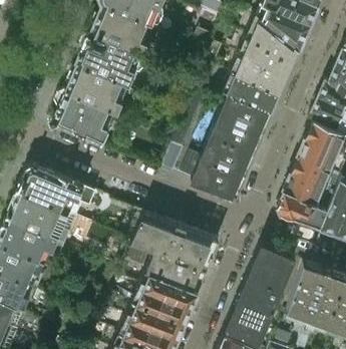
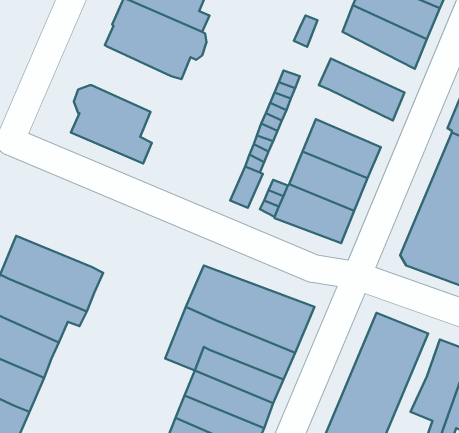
building: [229,56,286,97] -> none
building: [66,66,121,114] -> none
building: [219,95,271,134] -> none
building: [15,167,94,220] -> none

